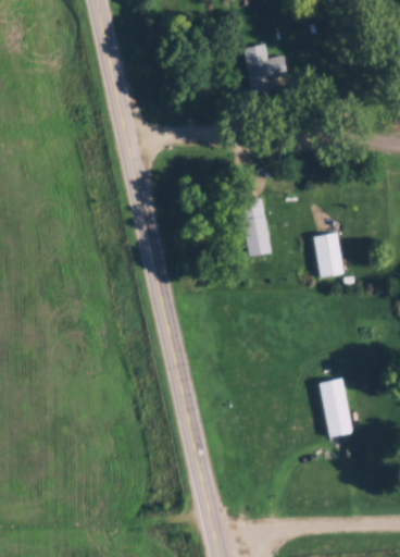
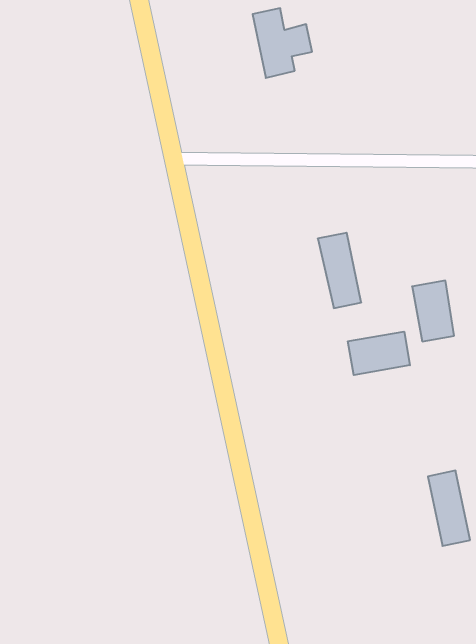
building: [241,45,286,97] -> [253,8,312,78]
building: none -> [348,332,410,375]

